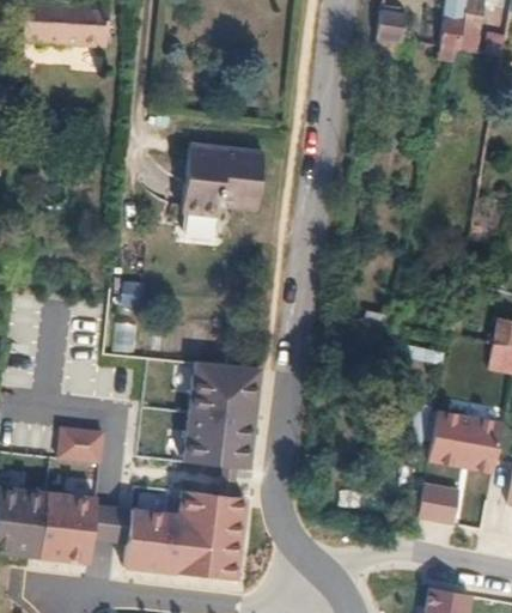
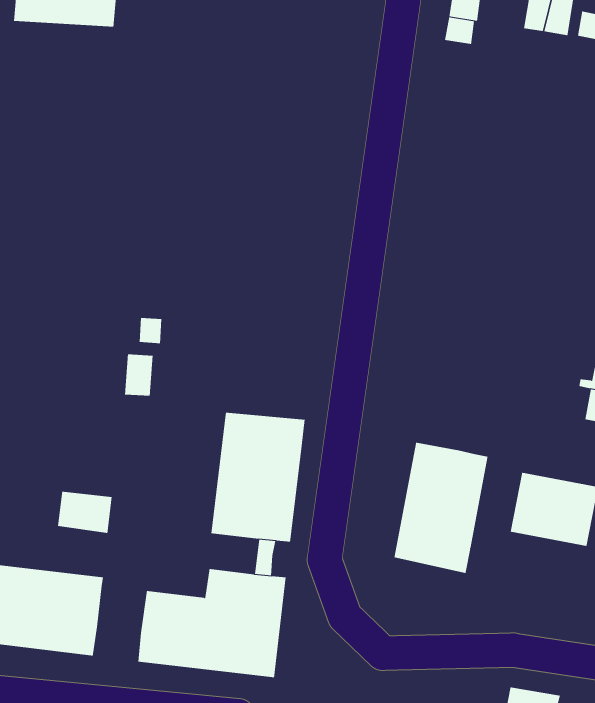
building: [183,146,263,239] -> none
building: none -> [394,442,488,574]
building: [419,484,461,524] -> none
building: [91,505,130,544] -> none

